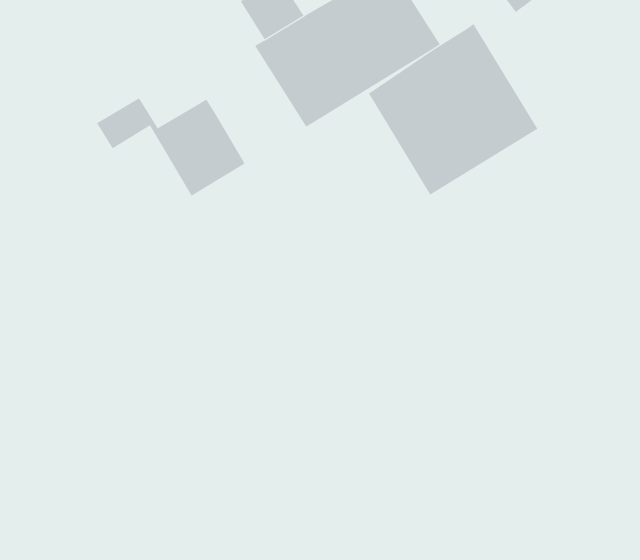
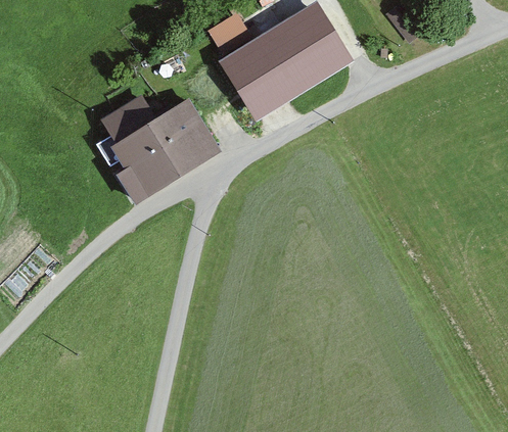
building: [368,23,538,196] -> none
building: none -> [98,117,176,196]

